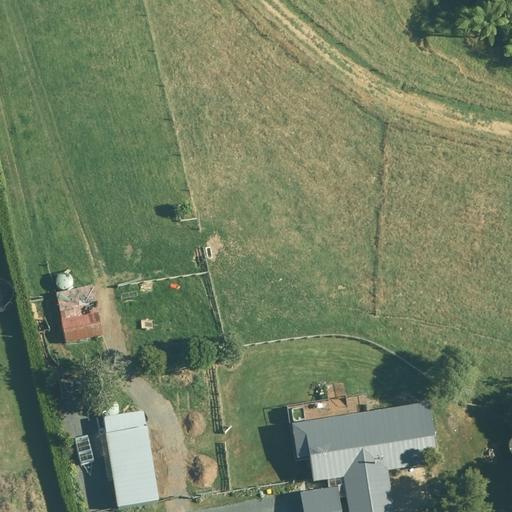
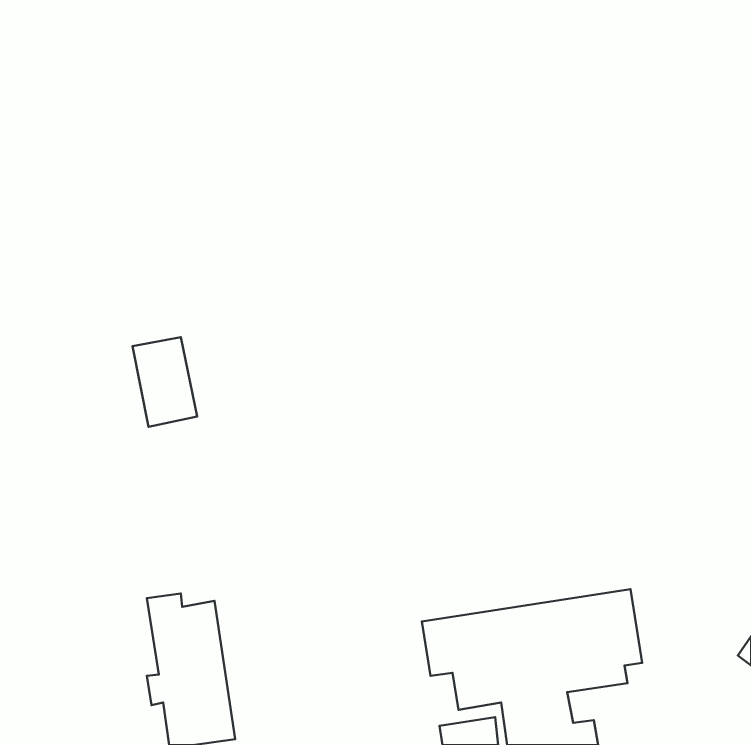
building: [55,281,99,342] -> [132,337,197,427]

